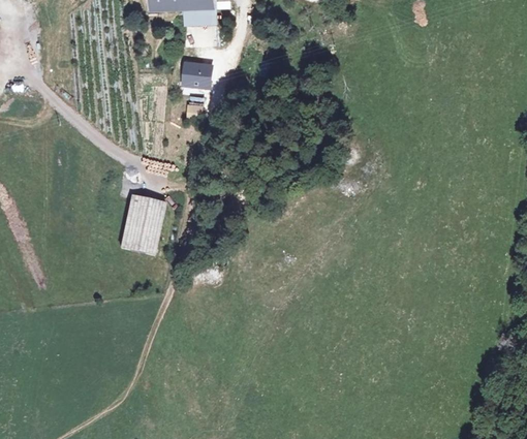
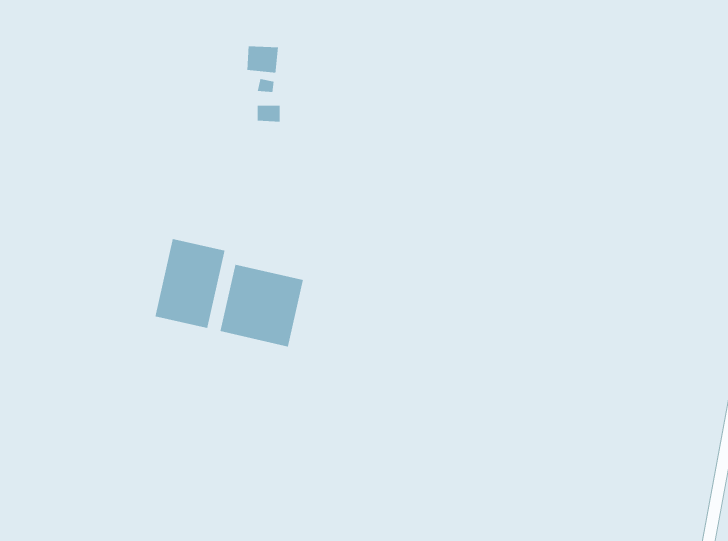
building: none -> [219,264,304,347]

